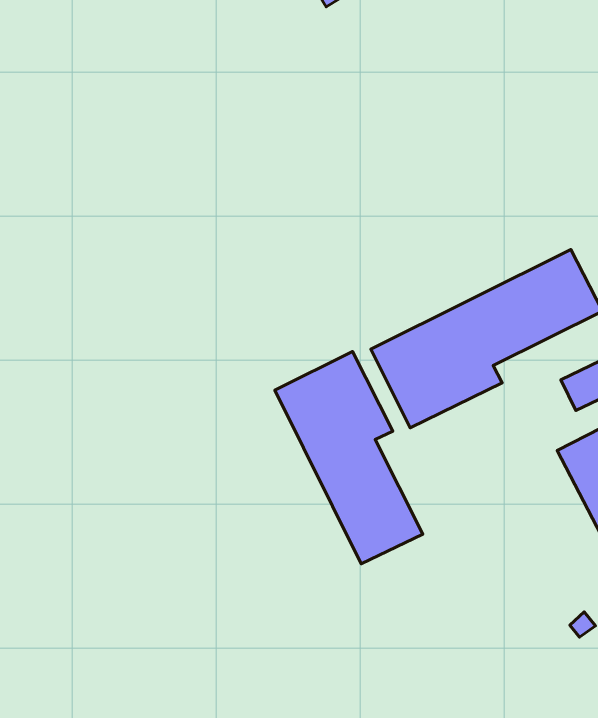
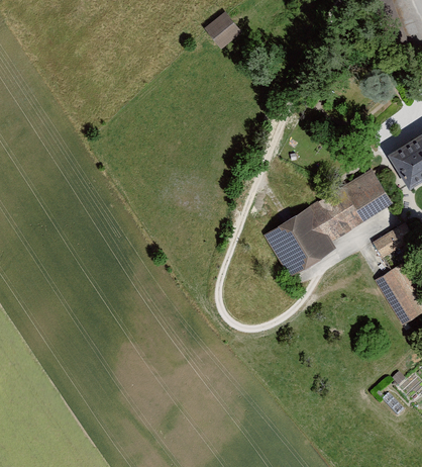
building: [275,352,423,564] -> none

